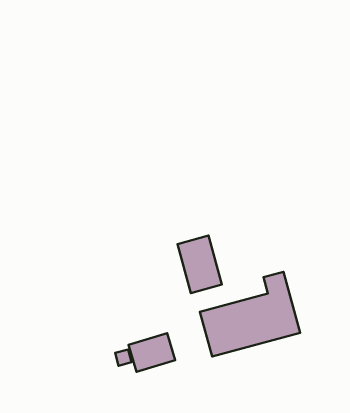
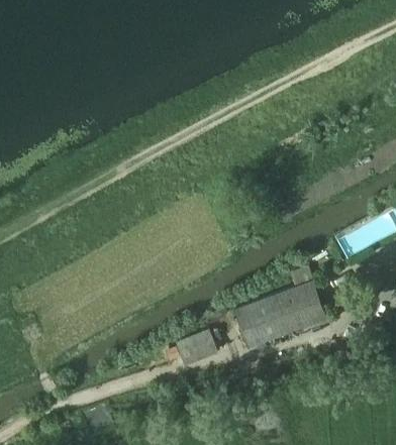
building: [177,236,222,293] -> none

